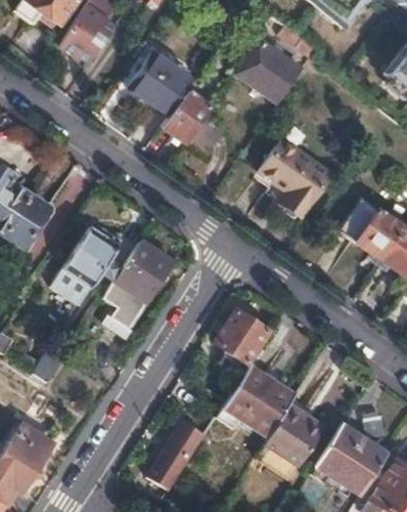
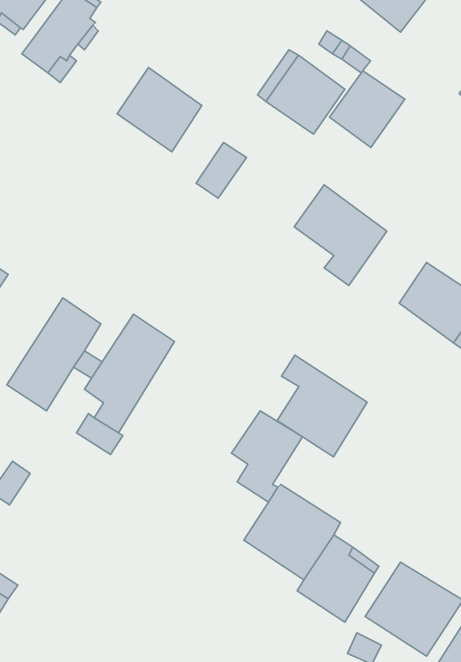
building: none -> [330,71,405,147]
building: [164,81,212,142] -> none
building: none -> [277,355,367,457]
building: [150,421,208,490] -> none

